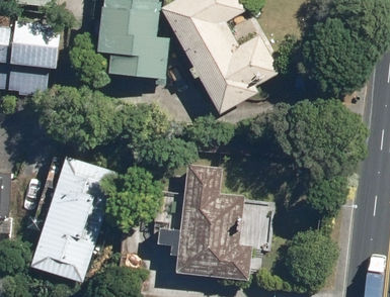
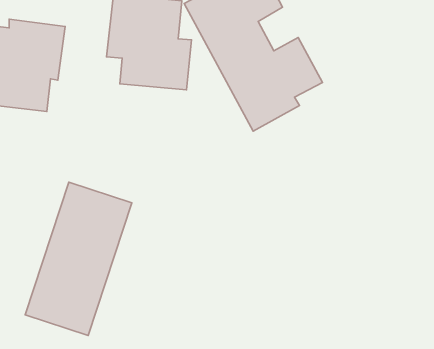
building: [173,164,251,281] -> none

